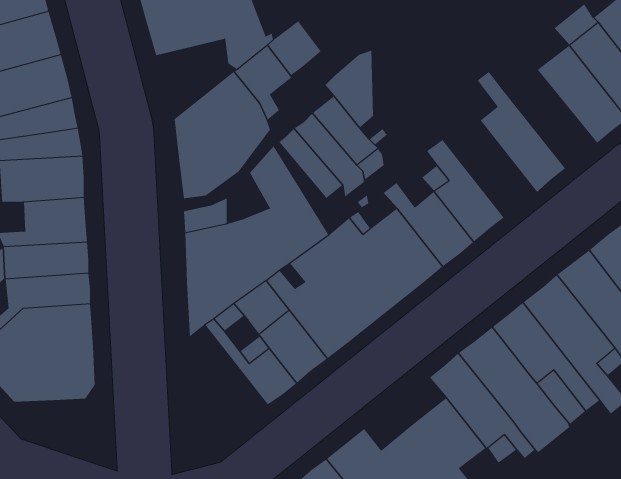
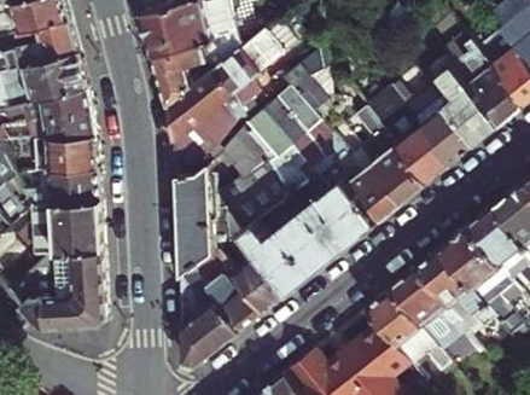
building: none -> [151,42,215,105]
building: none -> [425,65,497,144]
building: none -> [344,71,450,182]
building: none -> [177,267,239,367]

